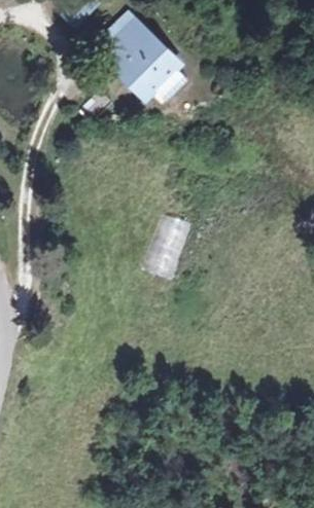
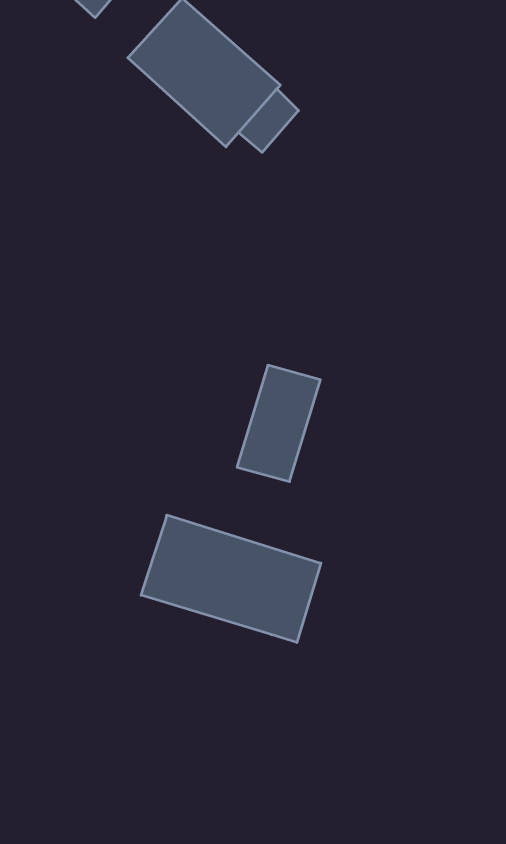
building: none -> [141,515,321,643]

